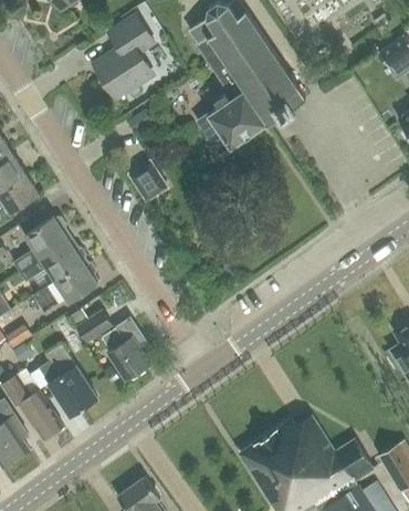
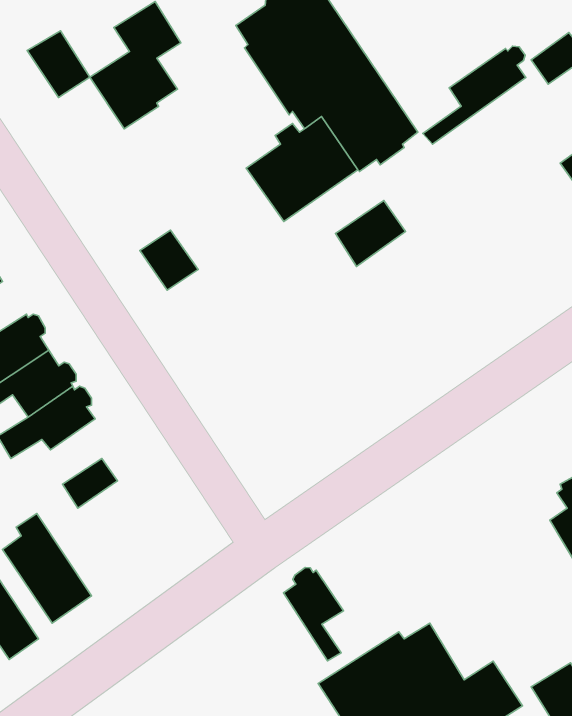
building: none -> [27,31,90,97]
building: none -> [423,46,526,144]
building: none -> [336,201,405,267]
building: [102,320,150,379] -> none
building: none -> [283,568,344,661]

